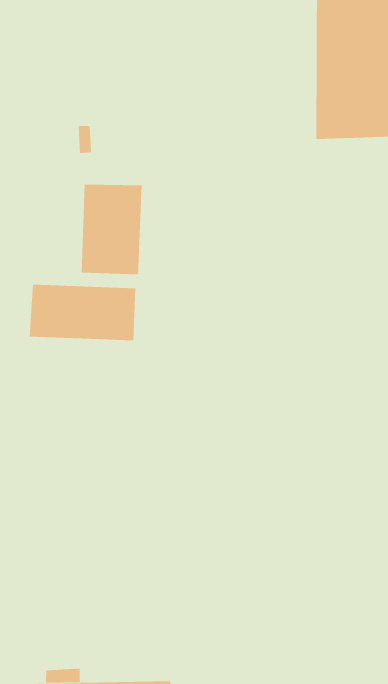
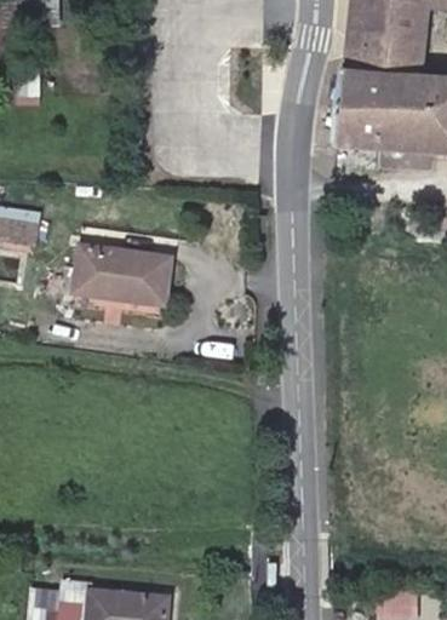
building: [81,184,142,275] -> none

